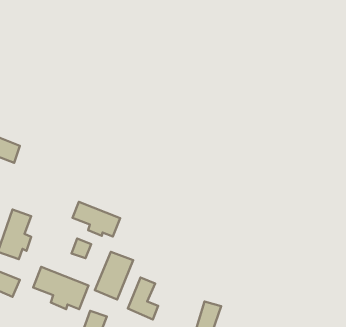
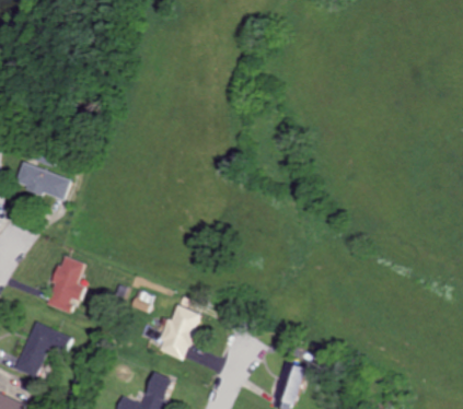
building: [72,202,120,236] -> none
building: [33,267,89,309] -> none
building: [128,278,158,319] -> none

